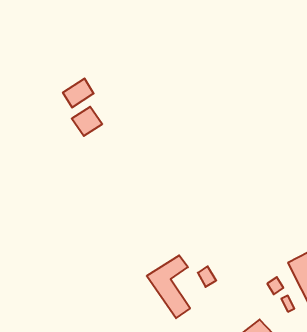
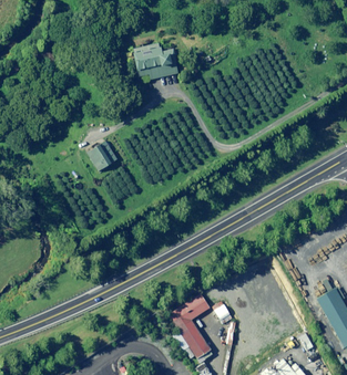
building: none -> [134,43,181,81]
building: [63,78,94,108] -> none

